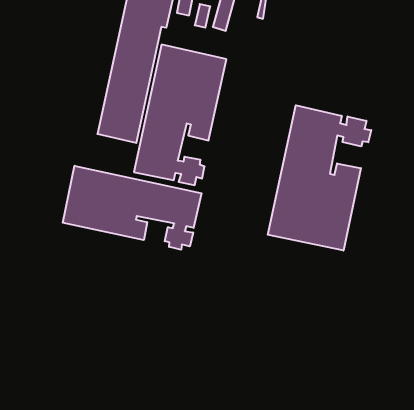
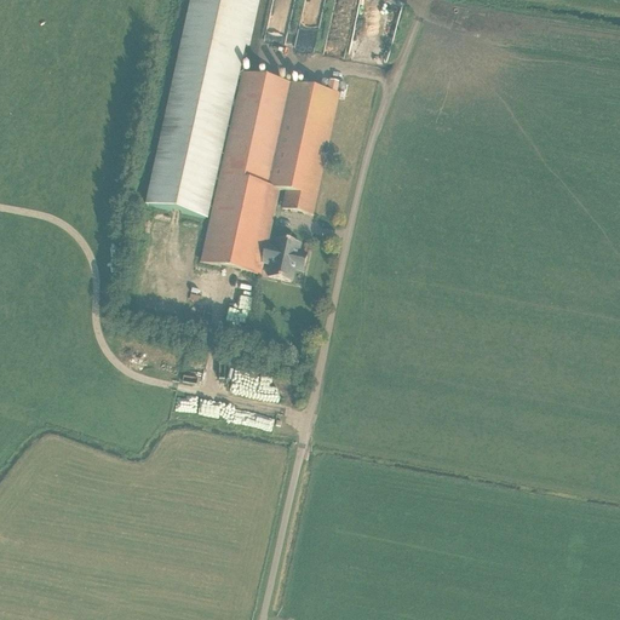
building: [268,105,371,251] -> none
building: [63,166,202,250] -> none

